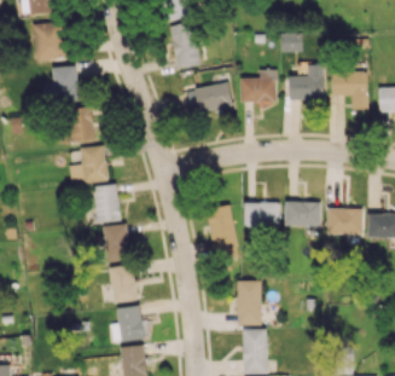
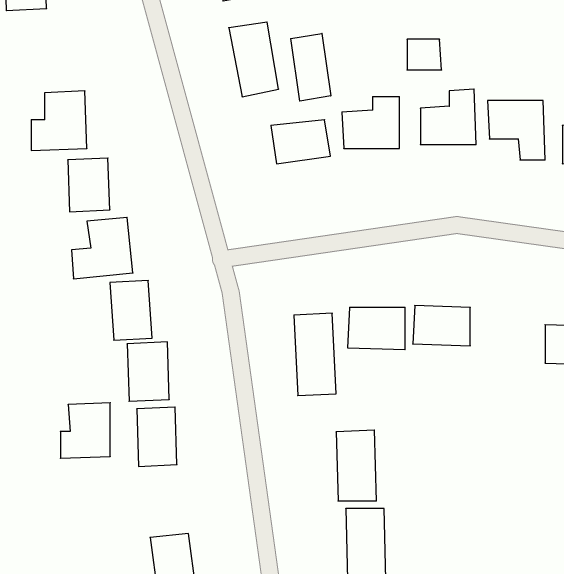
building: [34,22,65,59] -> none
building: none -> [291,33,331,101]
building: [326,208,362,235] -> none
building: [111,306,143,341] -> [60,403,110,458]

